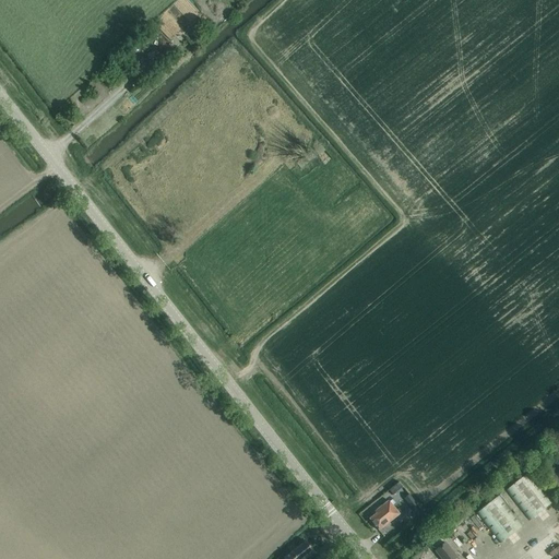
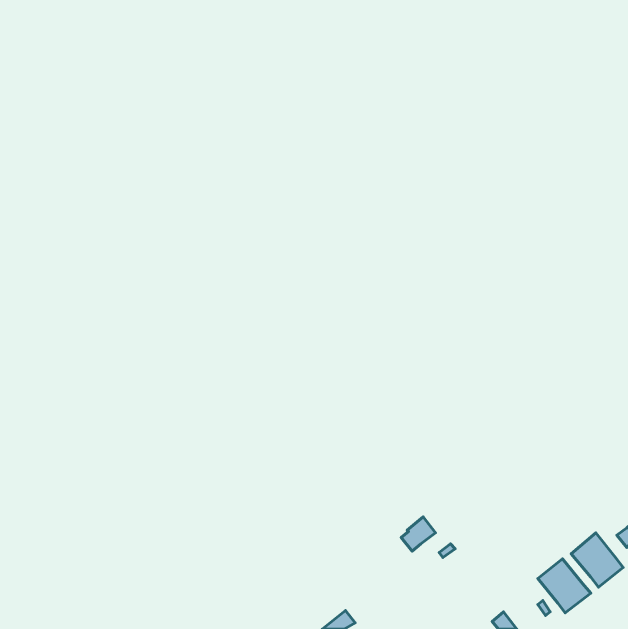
building: [371,499,402,530] -> [401,517,436,551]

